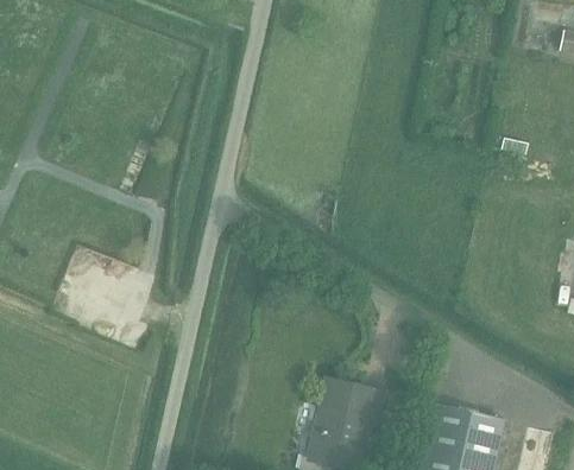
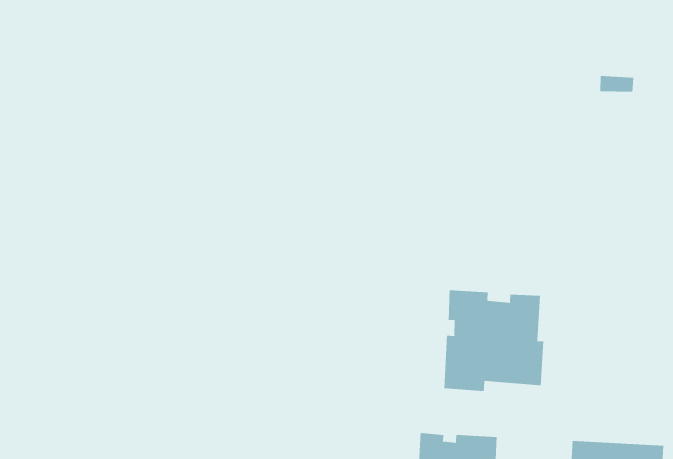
building: none -> [444,289,544,392]

